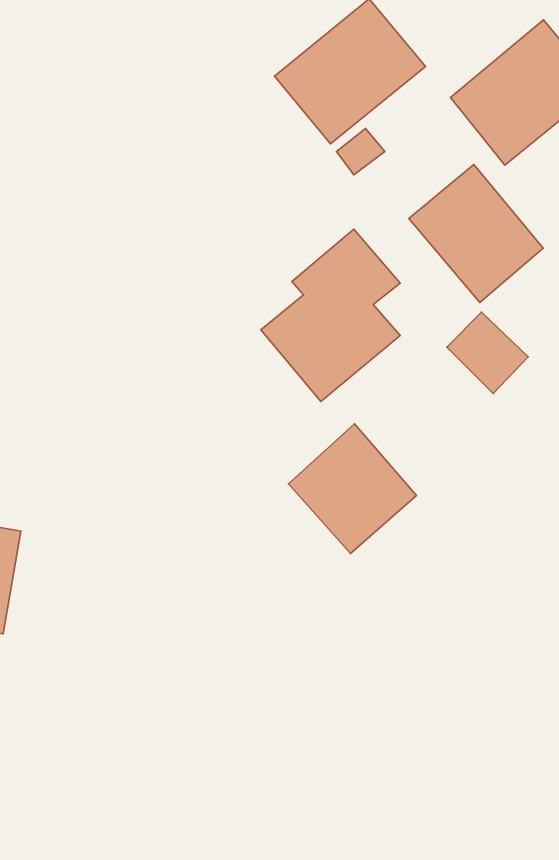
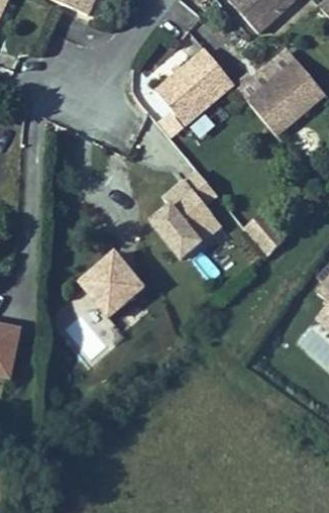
building: [409,164,543,303] -> none
building: [289,424,416,553] -> [77,252,143,320]

